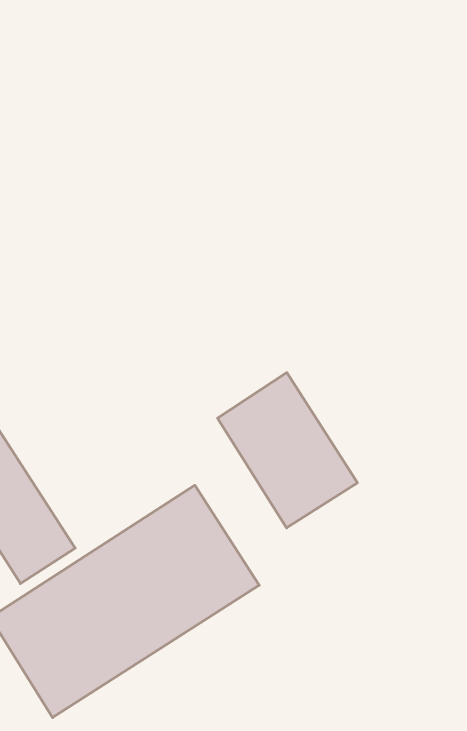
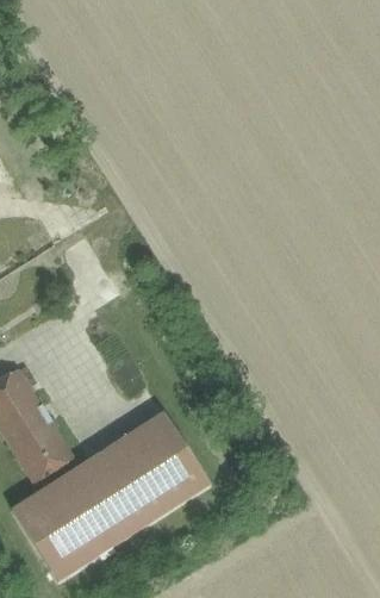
building: [218,373,357,528] -> none

